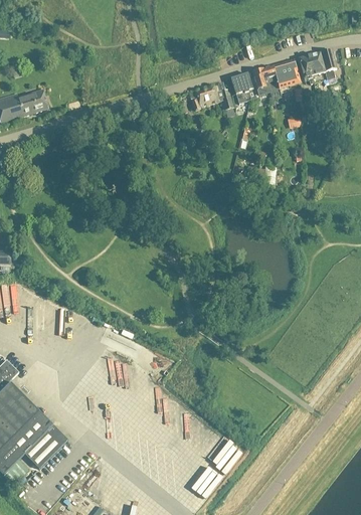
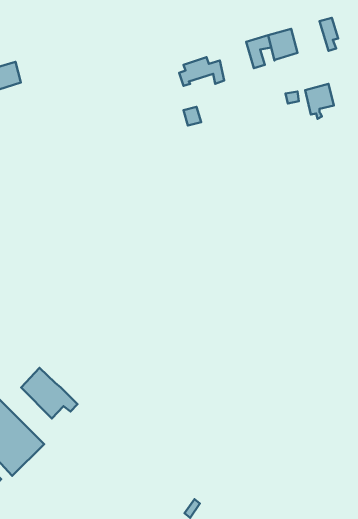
building: [299,51,325,83] -> [305,84,334,119]
building: [230,71,255,103] -> none
building: none -> [21,368,77,418]

